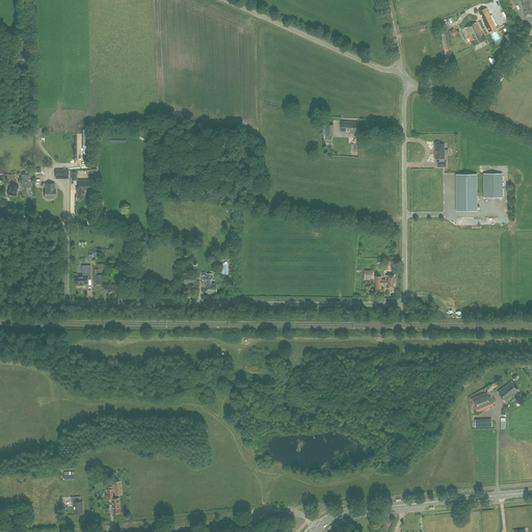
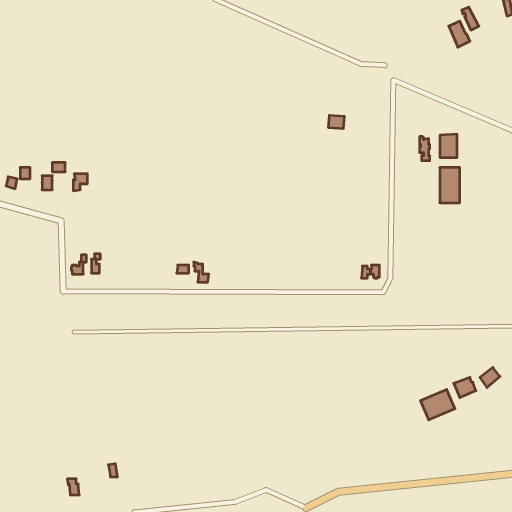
building: [483,172,501,196] -> [440,134,457,157]
building: none -> [421,389,455,420]

